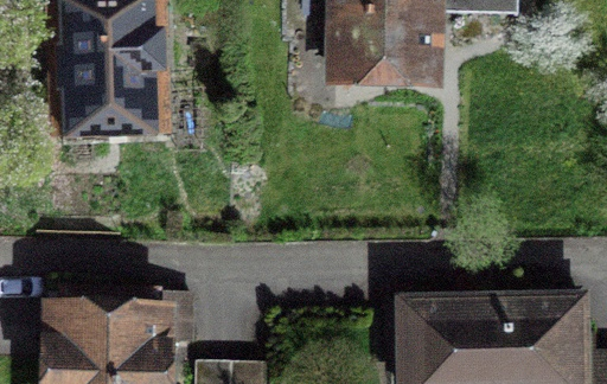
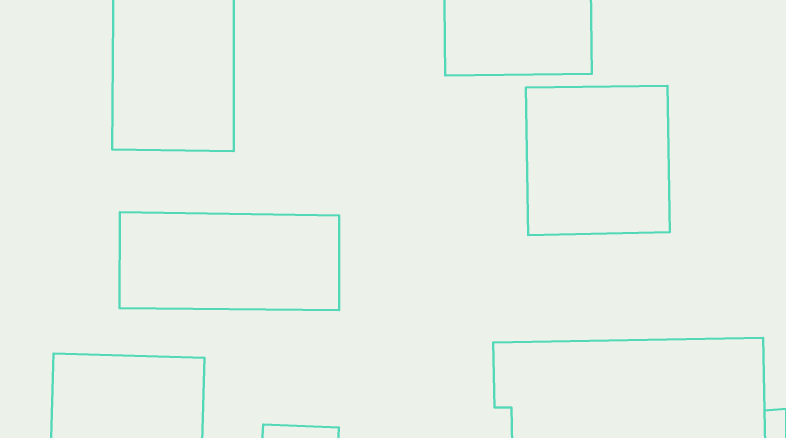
building: none -> [526,86,670,235]
building: none -> [120,212,339,310]

